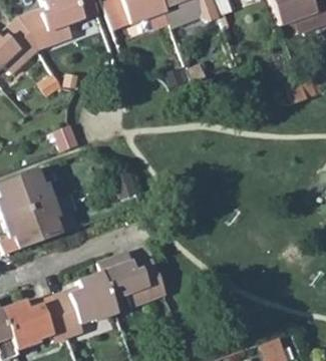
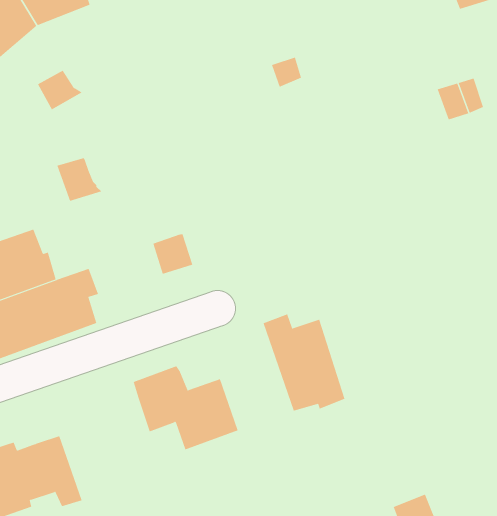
building: none -> [263,313,345,412]
building: [54,275,115,338] -> none

